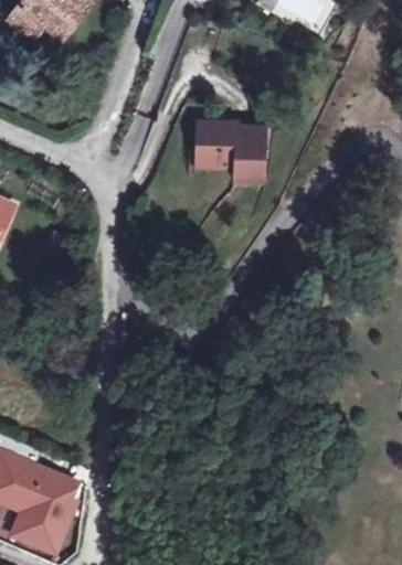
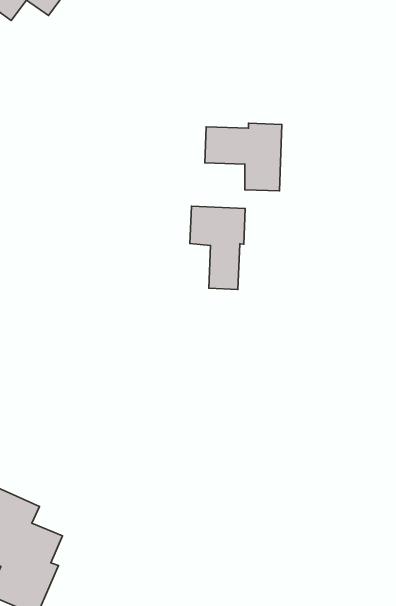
building: none -> [190,206,245,289]

